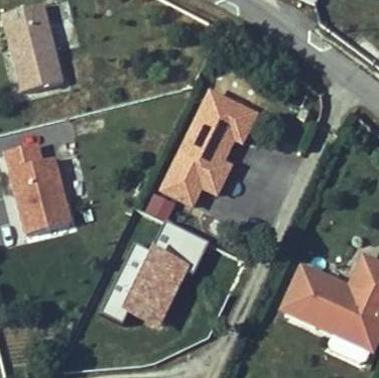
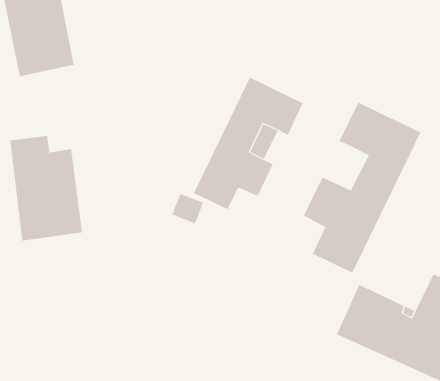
building: none -> [303,102,421,274]
building: [105,218,205,332] -> none

